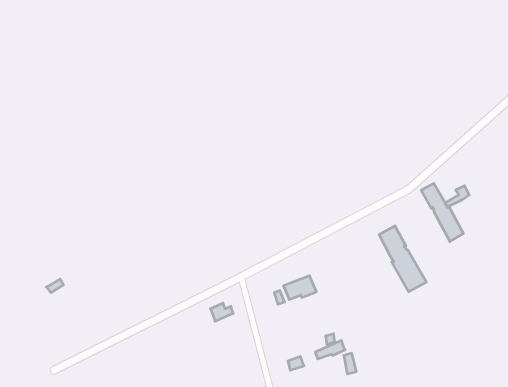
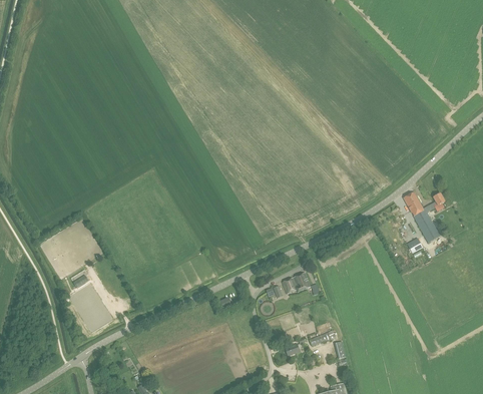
building: [379,226,426,292] -> none

